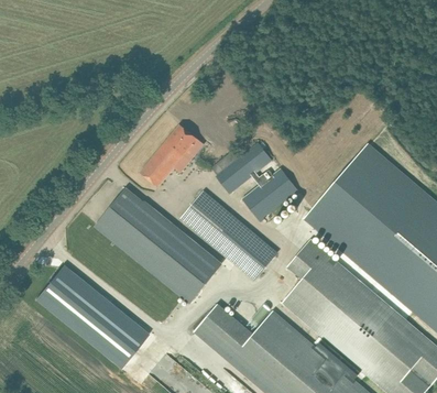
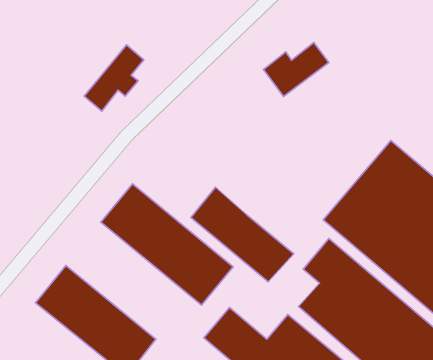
building: [140,123,196,186] -> [84,45,144,111]
building: [210,142,272,193] -> [264,43,329,96]
building: [241,167,297,220] -> none

